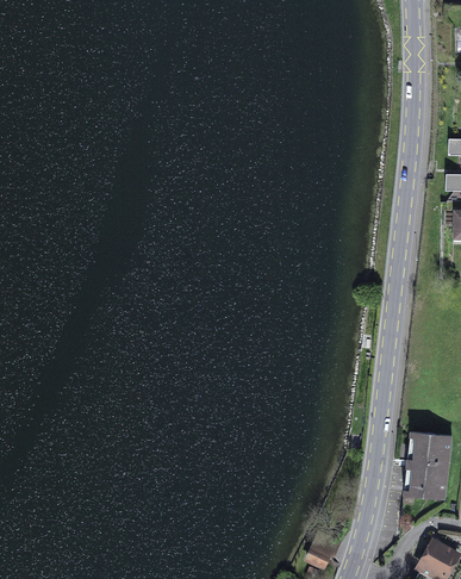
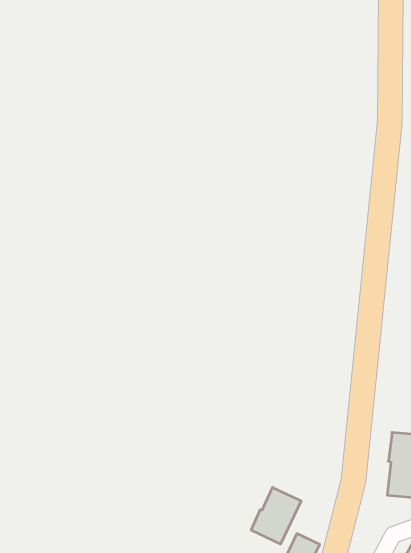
building: none -> [251,487,301,544]

